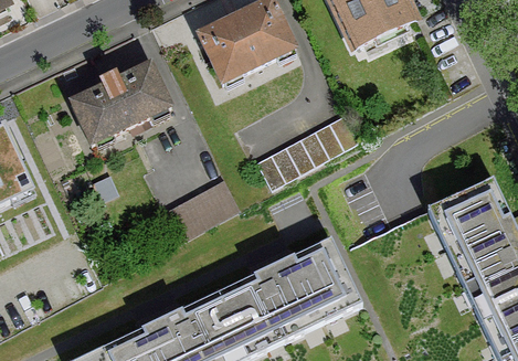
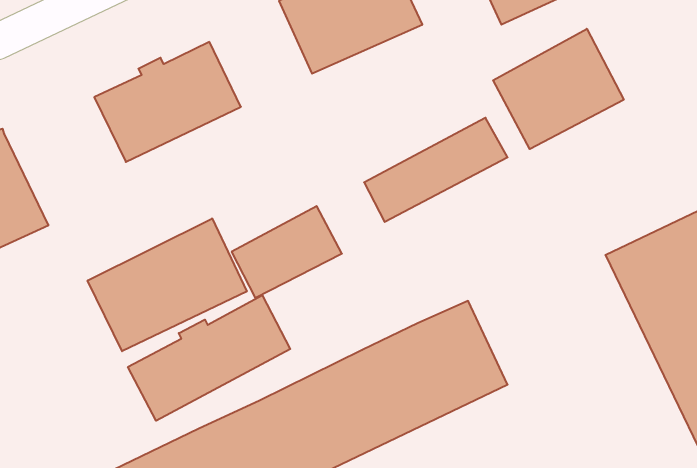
building: none -> [493,29,624,149]
building: none -> [88,218,247,351]
building: none -> [128,295,290,421]

